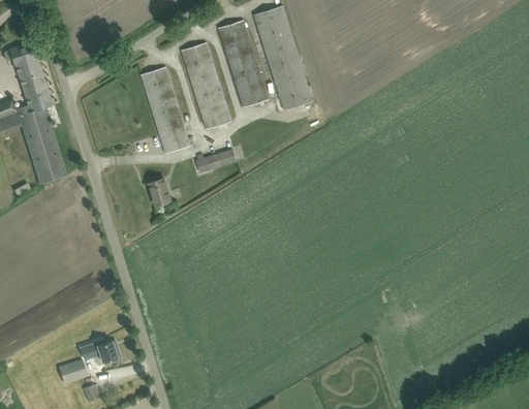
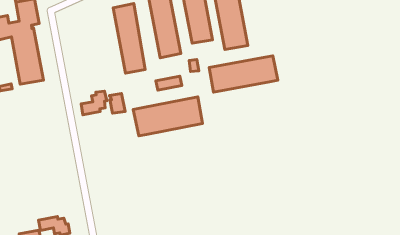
building: none -> [209,56,278,92]
building: none -> [133,97,203,136]
building: none -> [81,91,107,115]

